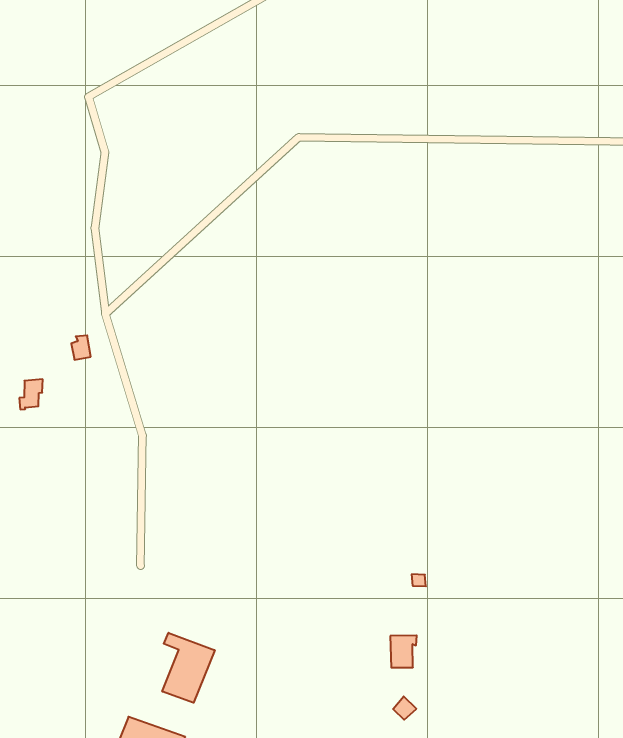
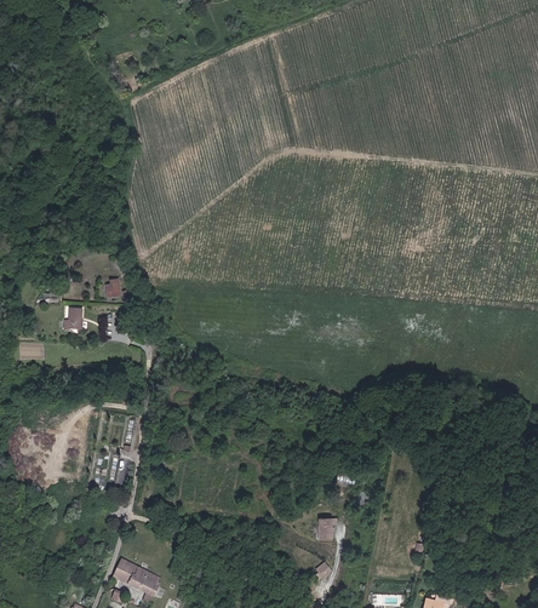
building: [162,633,215,703] -> none

